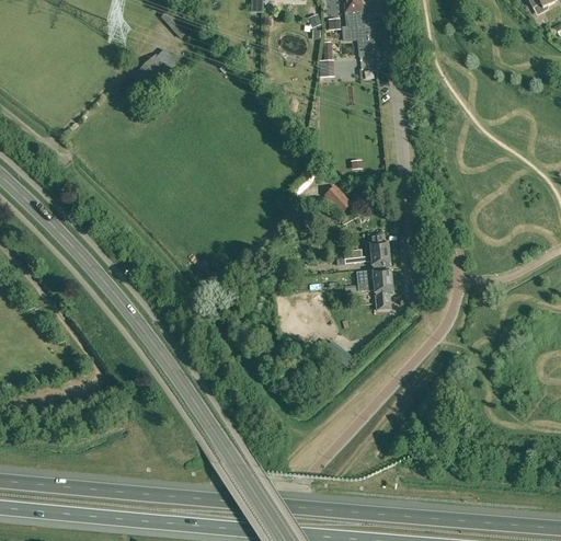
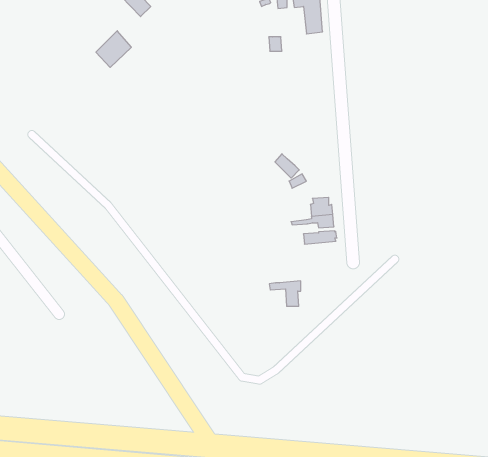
building: [357,279,391,307] -> [269,281,301,306]

